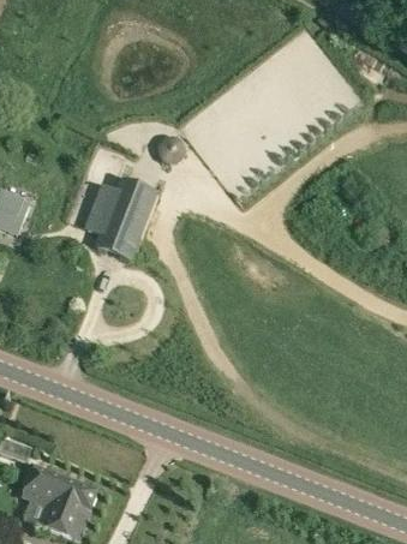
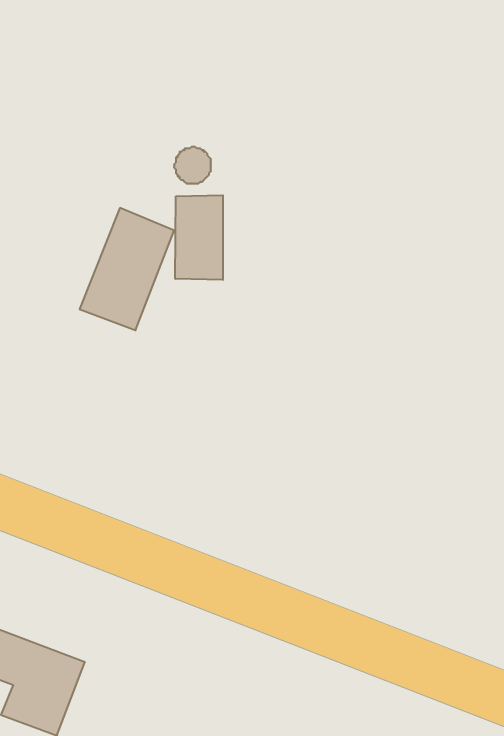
building: none -> [175,195,223,280]

